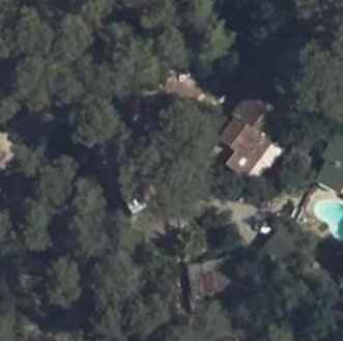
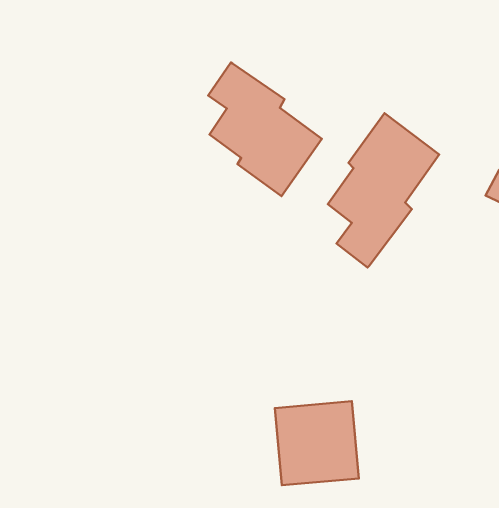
building: none -> [208,63,322,196]

